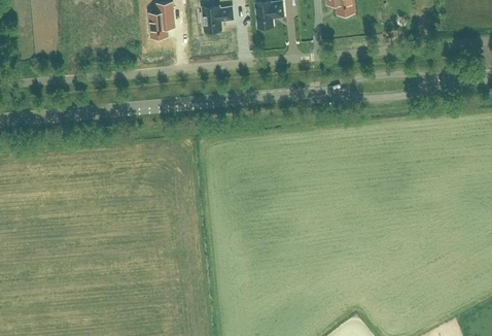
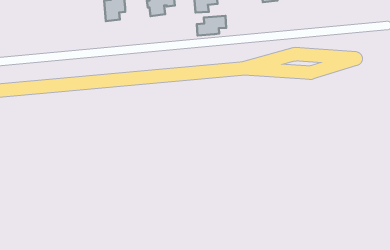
building: none -> [197,16,226,35]

